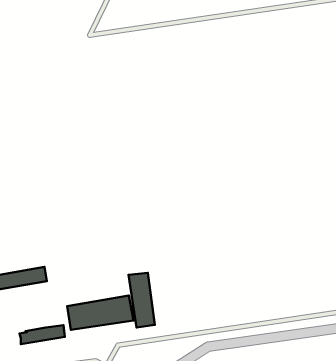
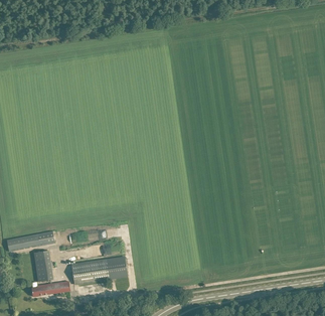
building: [128,273,155,328] -> none
building: none -> [33,251,52,281]

